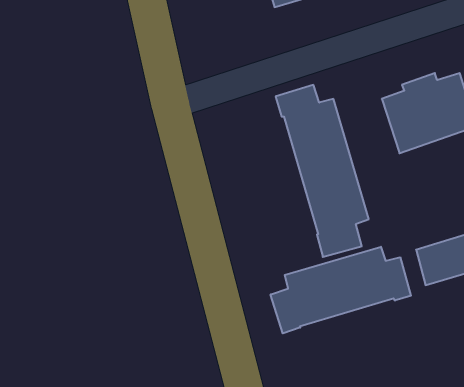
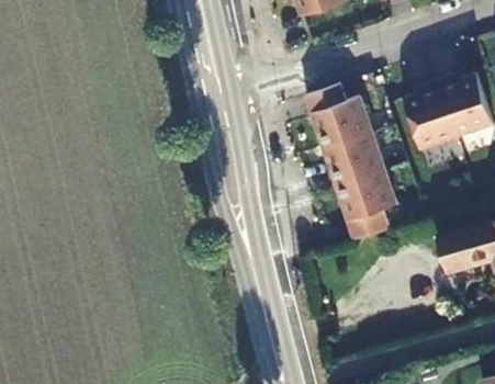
building: [271,247,411,333] -> none

